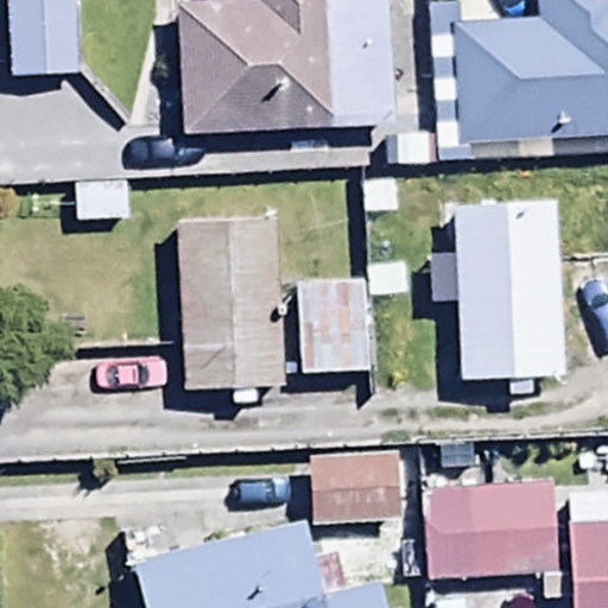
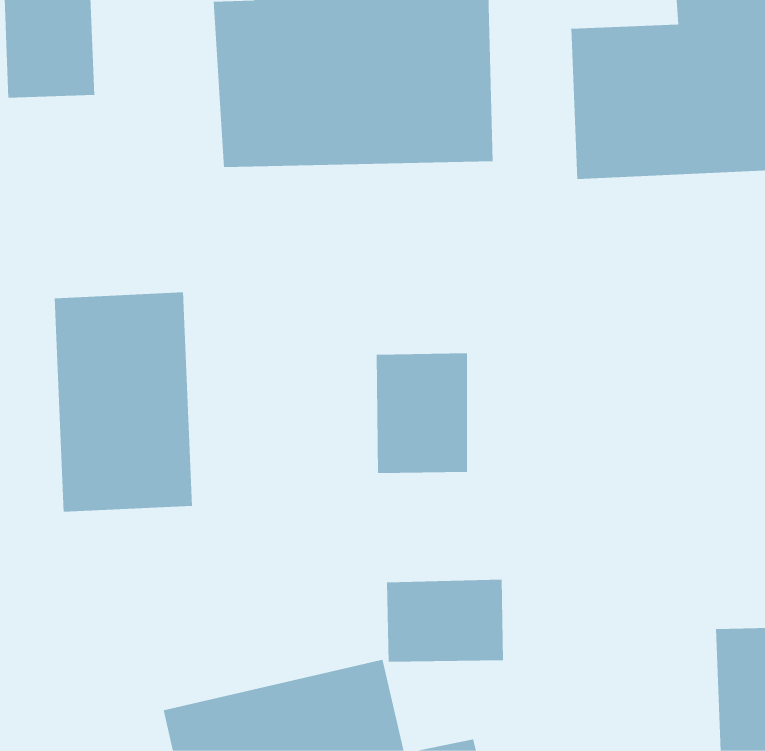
building: [430,201,581,379] -> none
building: [177,218,286,392] -> [54,292,193,512]
building: [425,486,556,574] -> none

